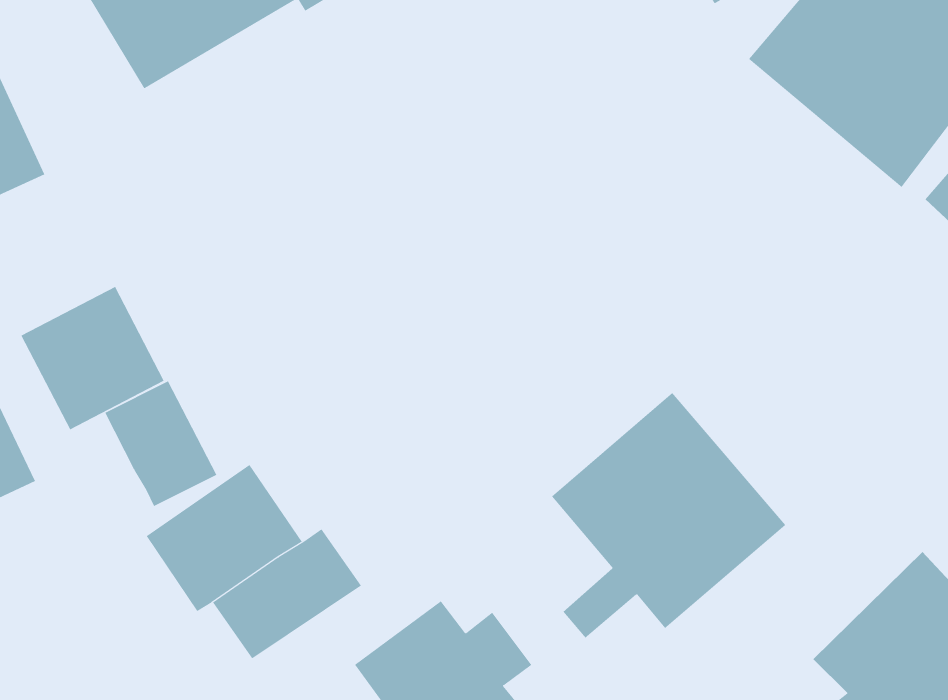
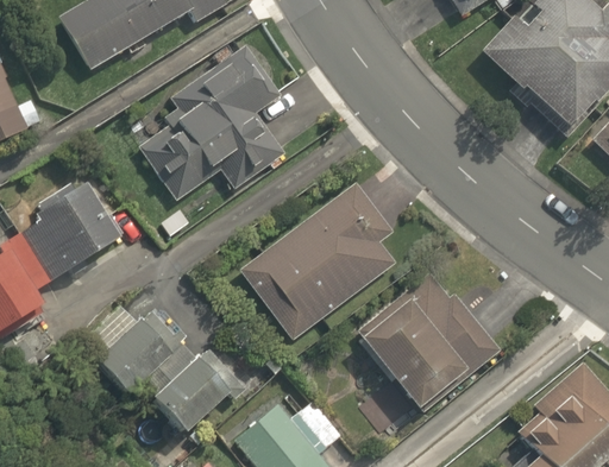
building: none -> [126,43,287,202]
building: none -> [240,159,414,337]
building: [105,381,217,507] -> none

